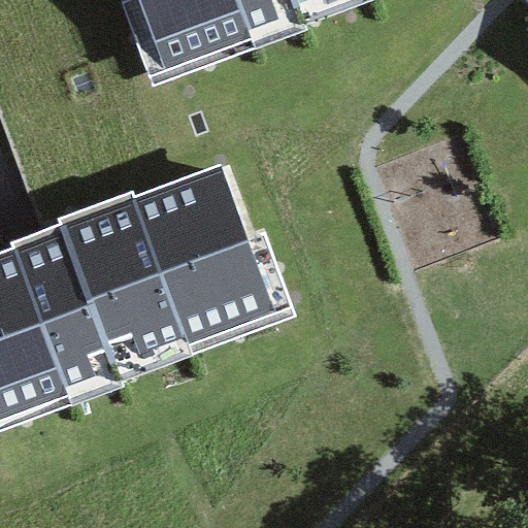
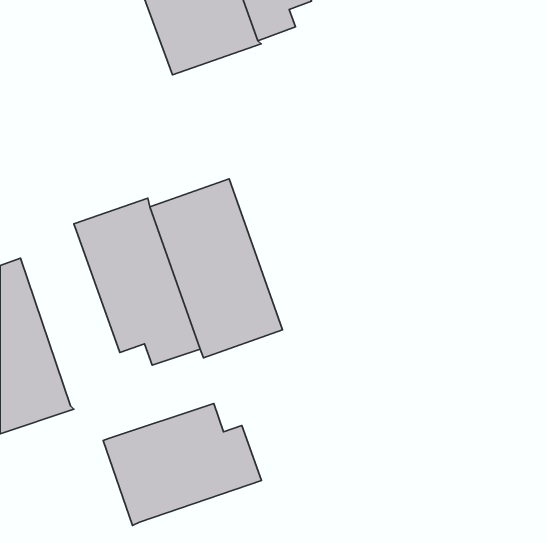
building: [16,222,120,391] -> none
building: none -> [103,404,261,525]

